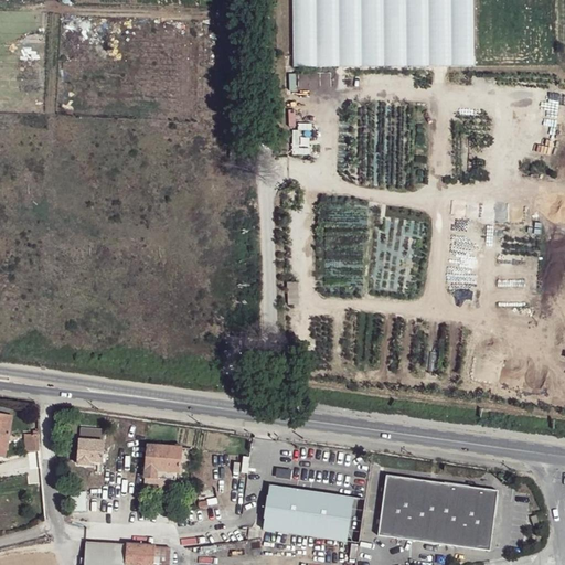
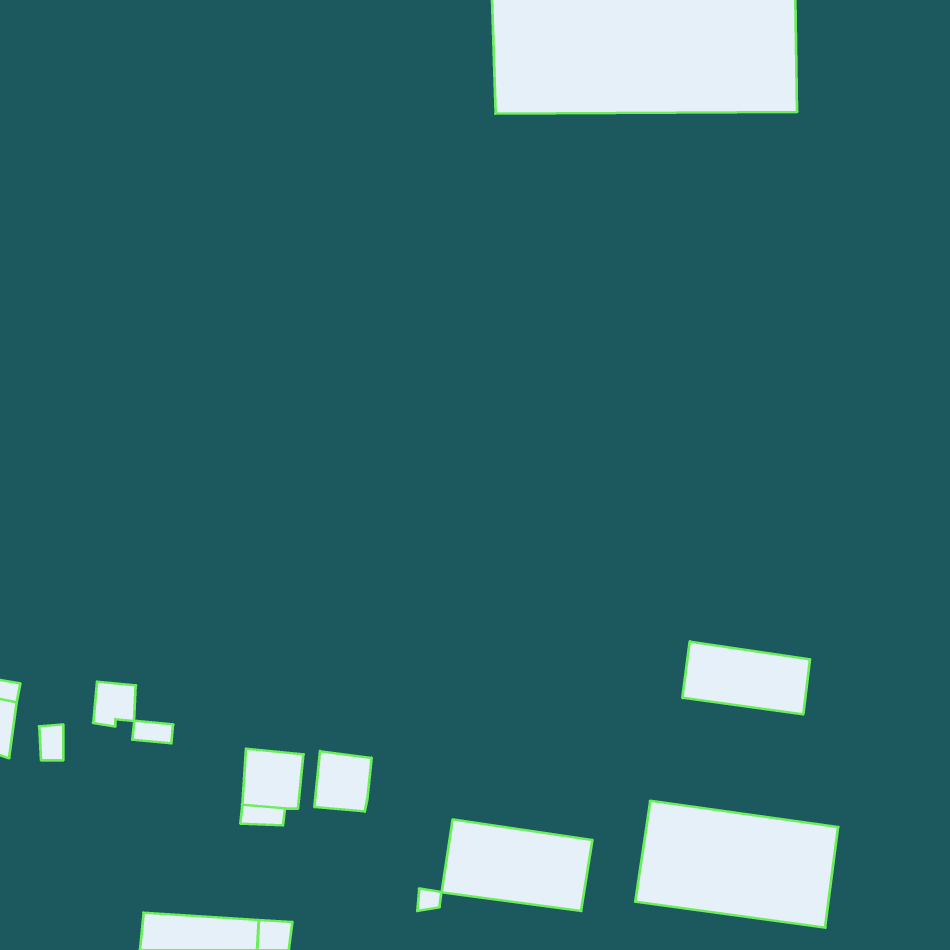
building: none -> [683,641,810,714]
building: [76,438,102,465] -> [93,682,136,726]
building: none -> [315,751,371,812]

